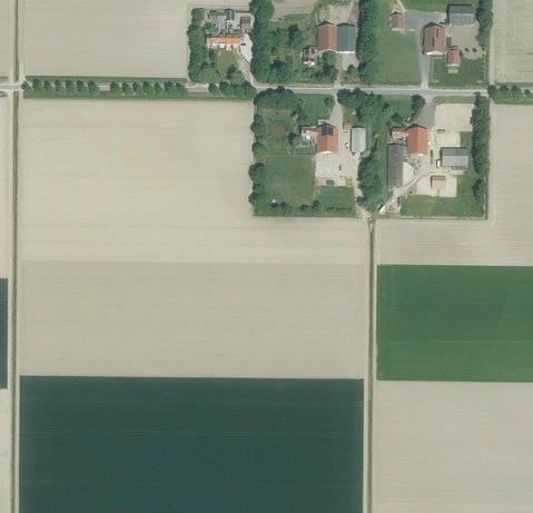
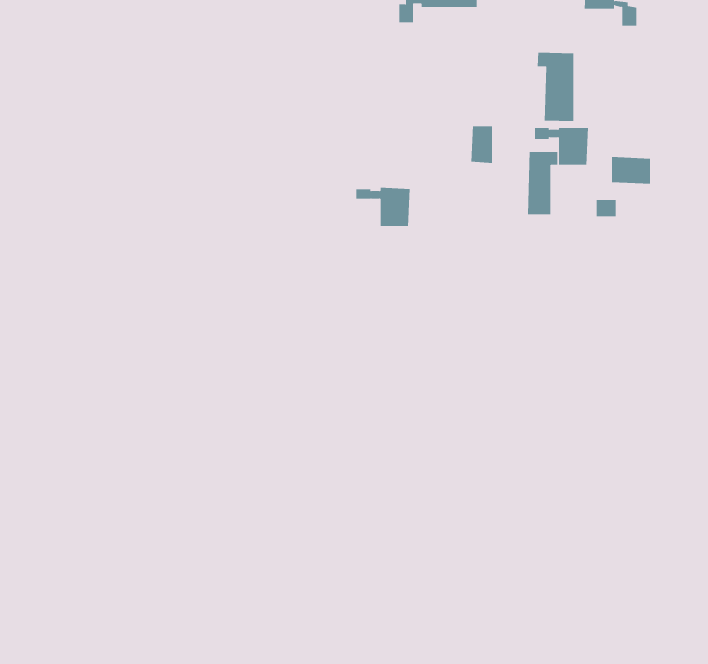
building: none -> [537,52,574,122]
building: [302,127,337,152] -> [356,187,411,227]

